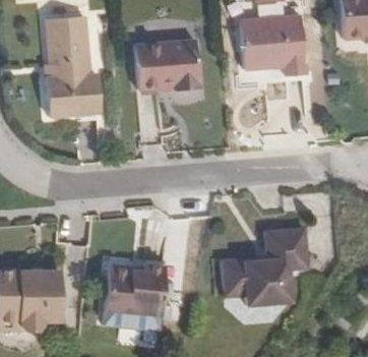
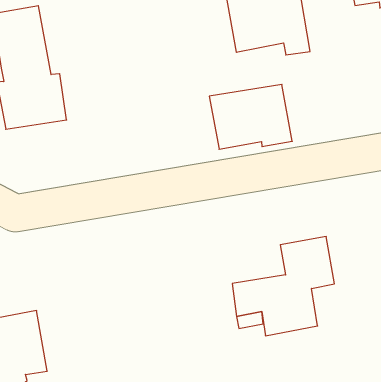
building: [139,41,204,91] -> [209,84,292,149]
building: [102,263,163,330] -> none

